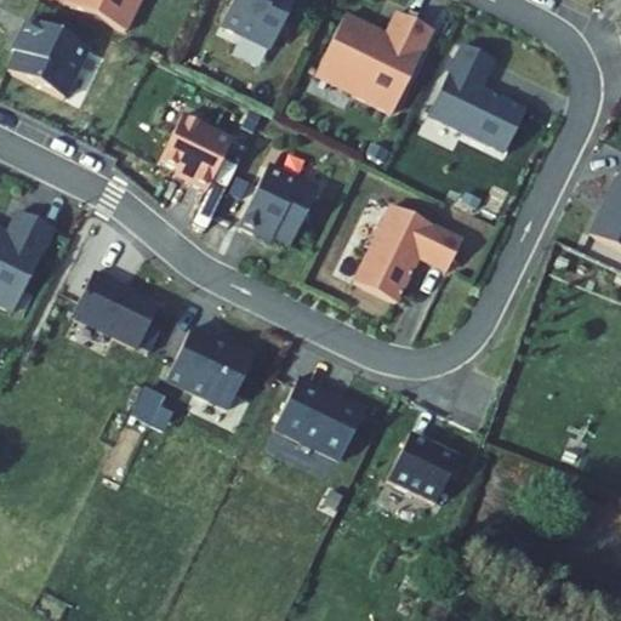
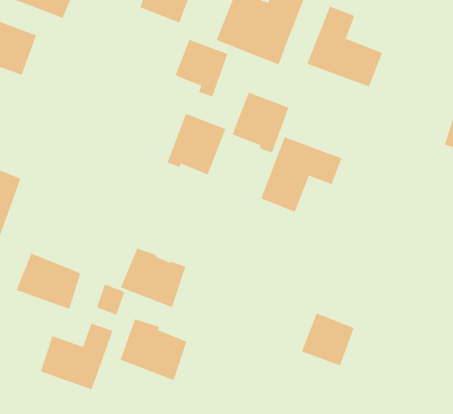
building: [163,110,233,187] -> [175,39,228,97]
building: none -> [232,92,289,153]
building: [72,273,156,349] -> [16,253,81,309]
building: [277,376,364,460] -> [120,318,187,381]
building: none -> [40,323,113,390]

